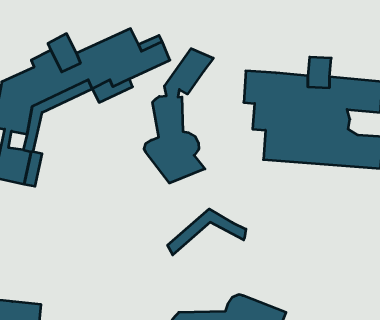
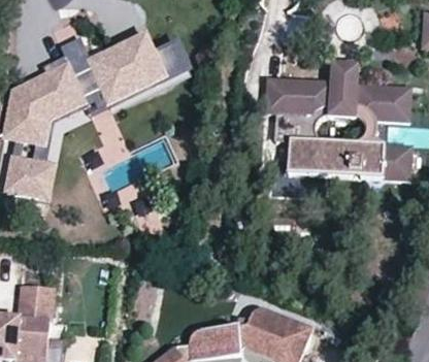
building: [144,49,213,183] -> none
building: [168,209,246,255] -> none
building: none -> [23,287,57,321]

